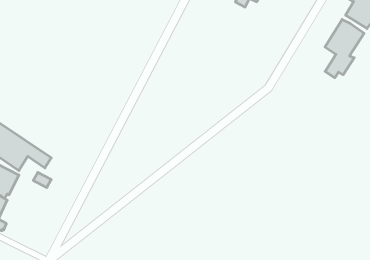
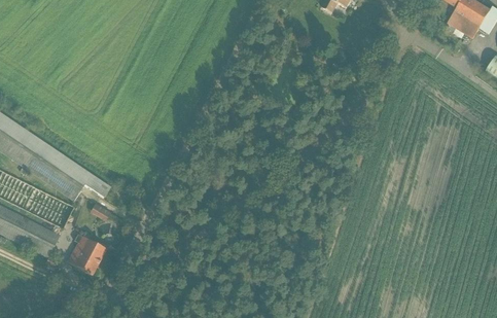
building: [325,19,364,78] -> none
building: none -> [67,234,105,274]

